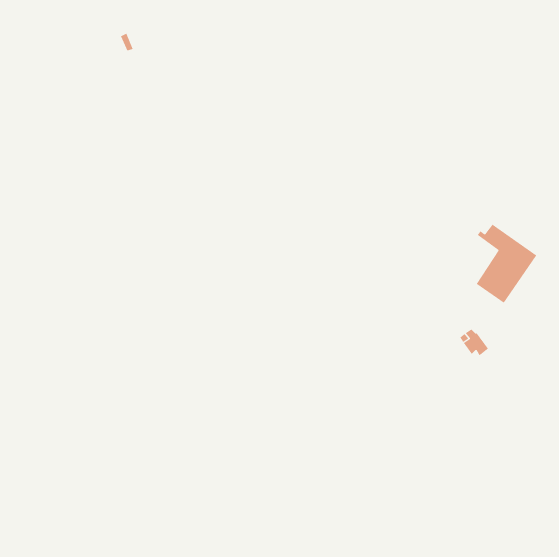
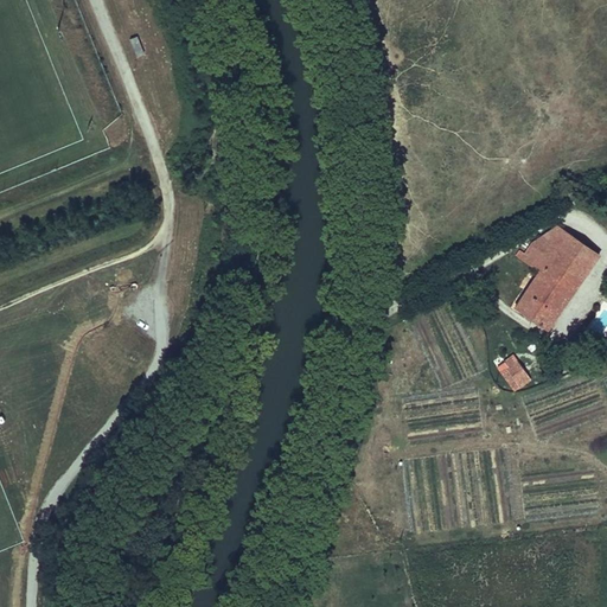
building: none -> [533,226,599,279]

